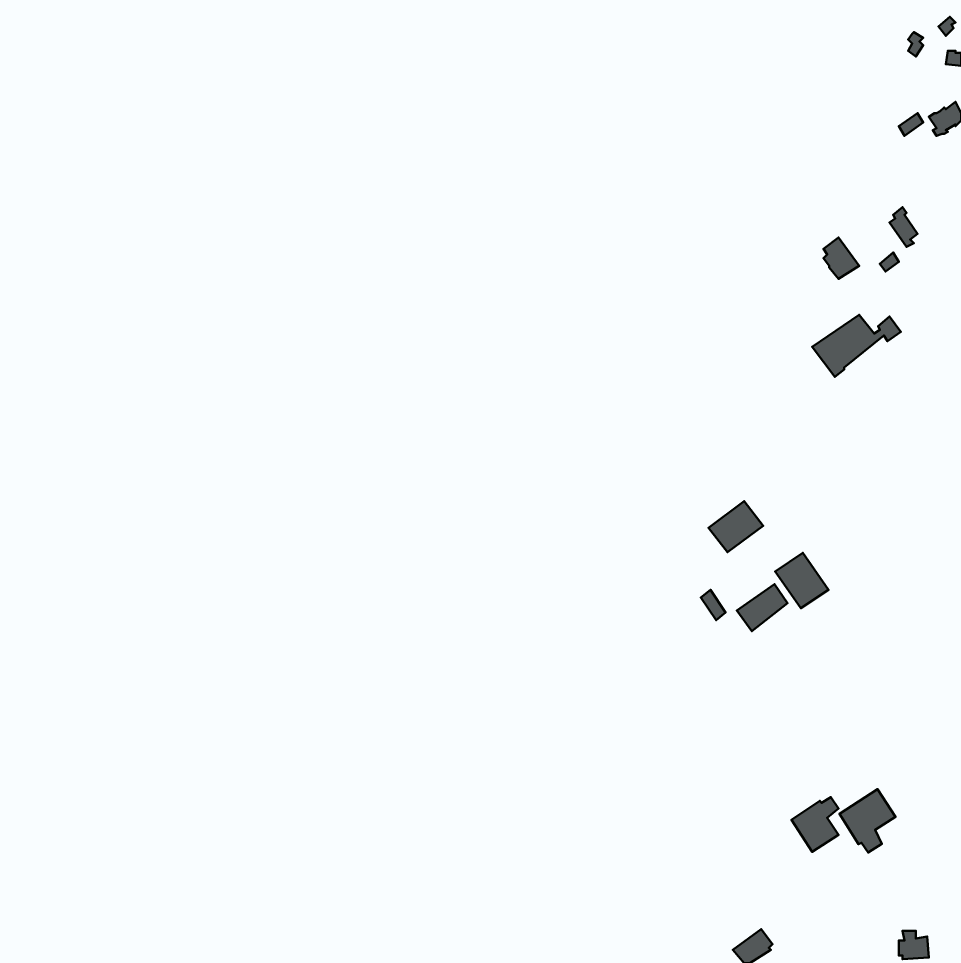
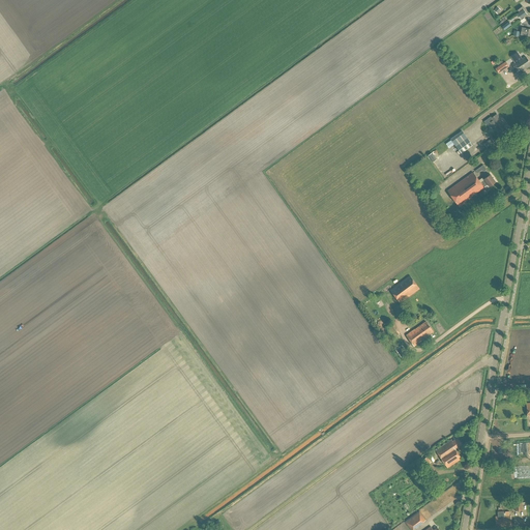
building: [775,553,829,608] -> none
building: [840,789,896,852] -> none

